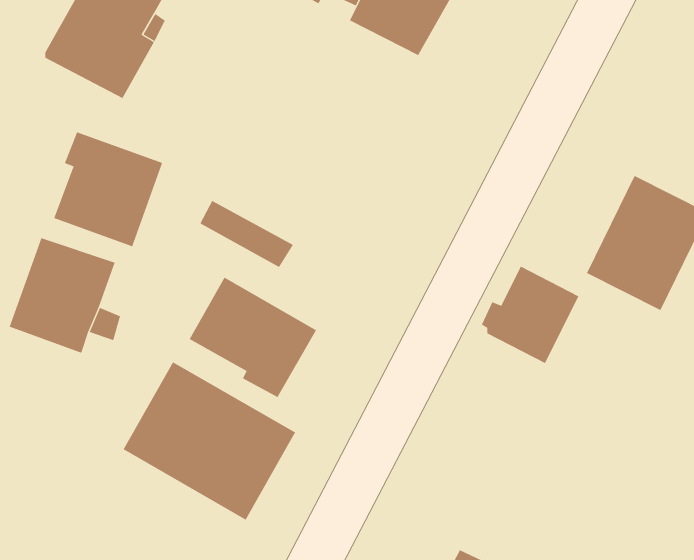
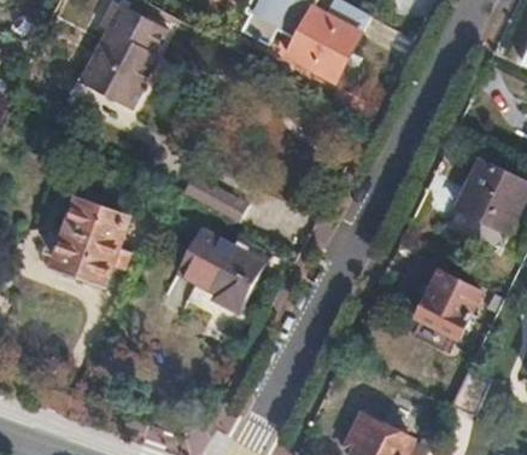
building: [53,132,163,247] -> none
building: [481,266,579,364] -> [410,270,476,337]
building: [123,361,296,520] -> none

